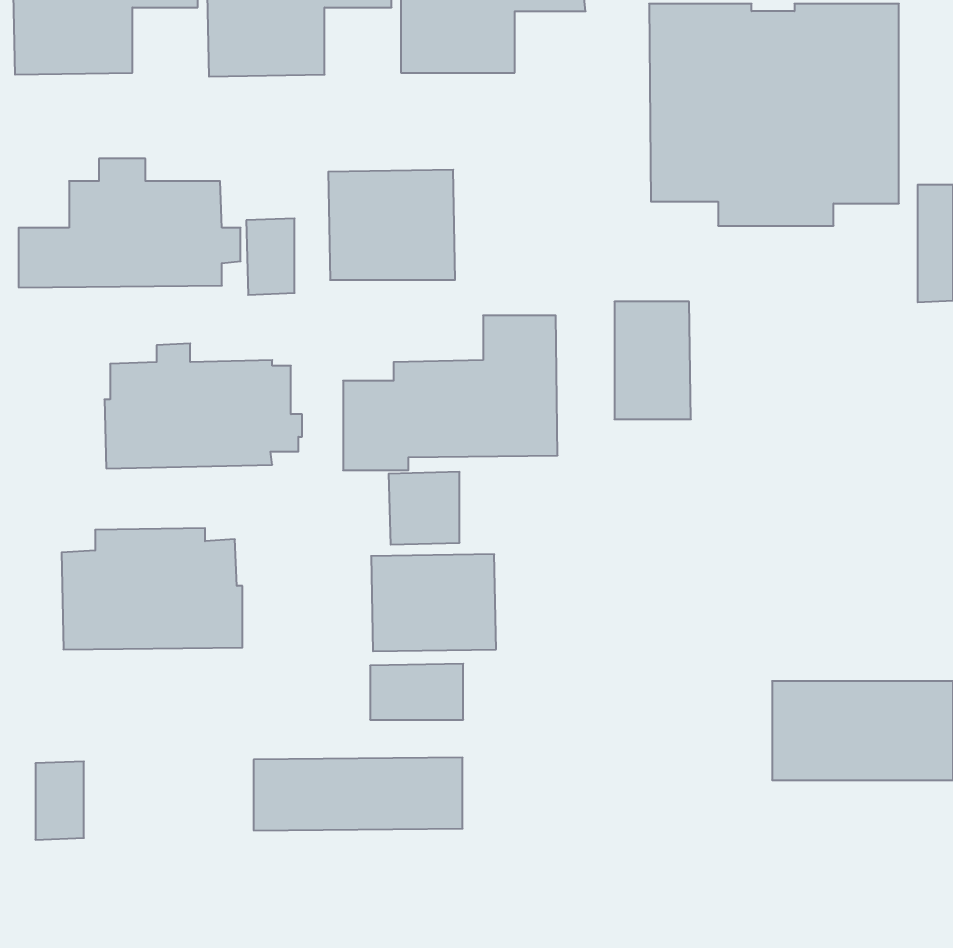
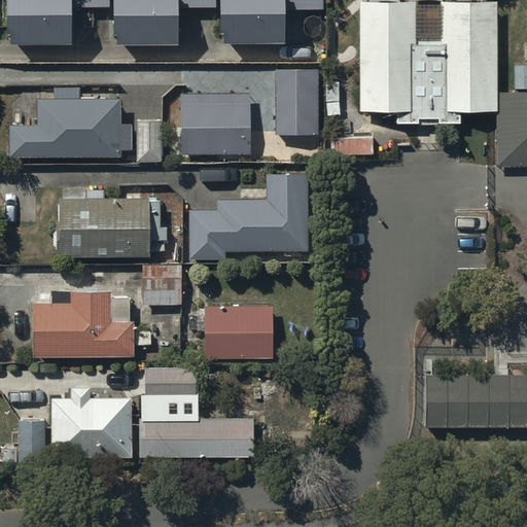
building: [614,302,691,419] -> [276,70,318,135]
building: [389,472,460,545] -> [143,265,182,305]
building: [370,664,463,720] -> [145,366,197,397]
building: none -> [52,387,132,459]

